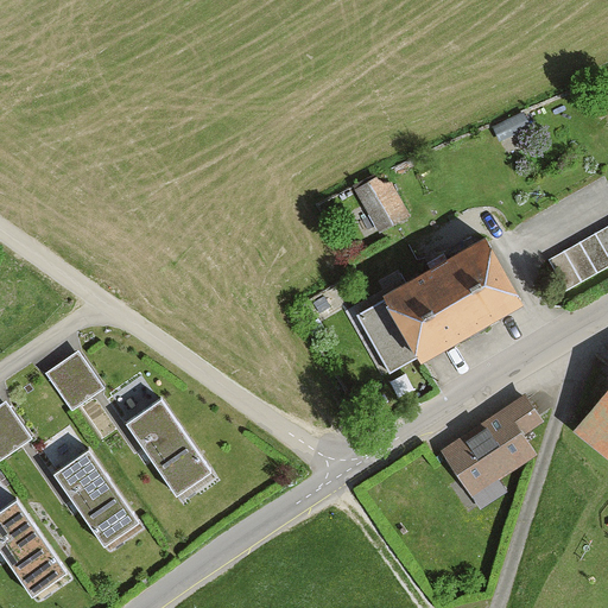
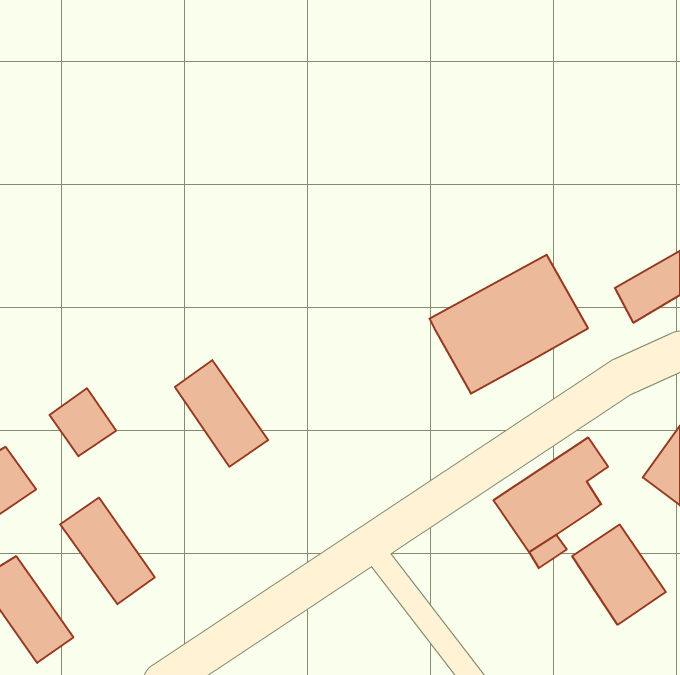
building: [359,189,405,238] -> none
building: [356,299,419,374] -> none
building: [126,399,209,494] -> [175,360,268,467]
building: none -> [572,525,666,625]

